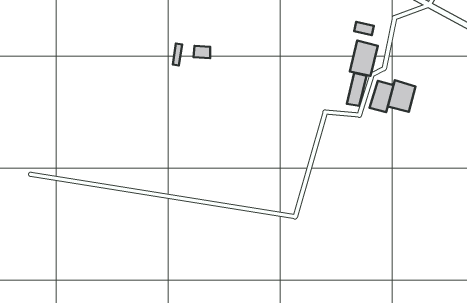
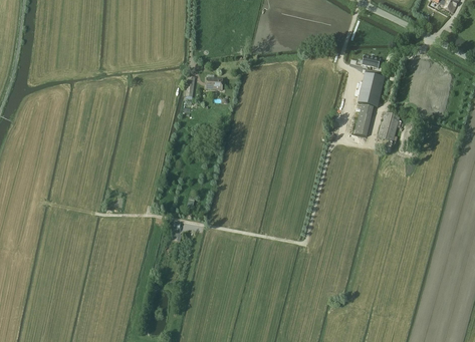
building: [388,80,415,112] -> none

